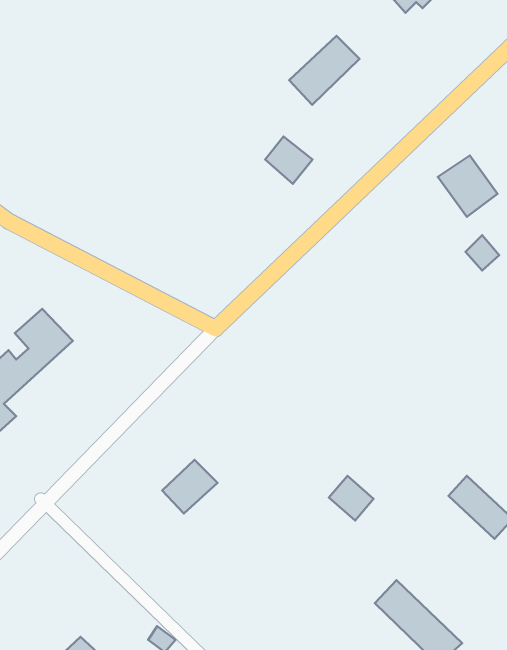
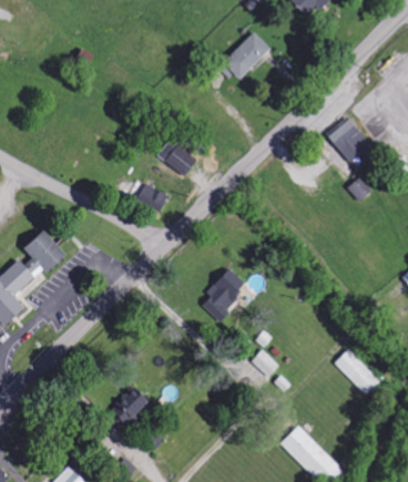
building: [265,136,313,184] -> [164,142,198,176]
building: none -> [136,183,167,211]
building: none -> [200,267,247,319]
building: [162,460,217,514] -> [110,387,150,425]

